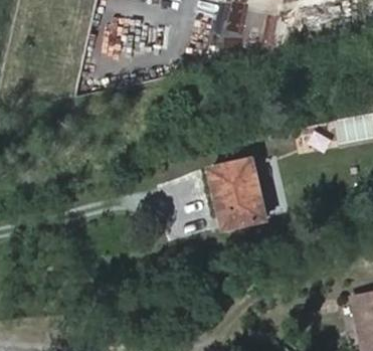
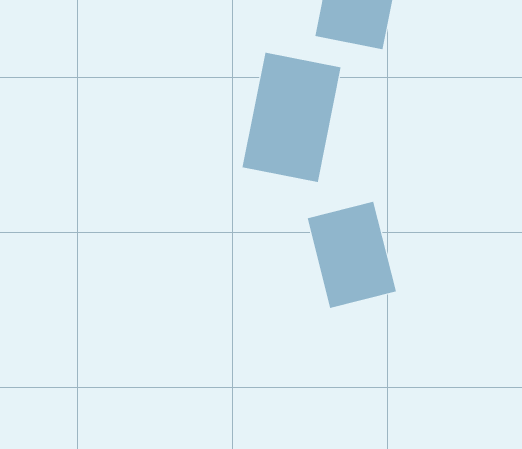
building: none -> [242,52,341,183]

